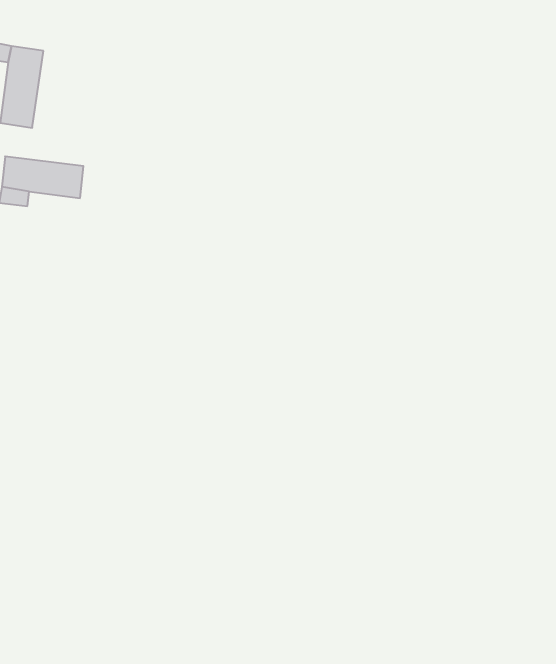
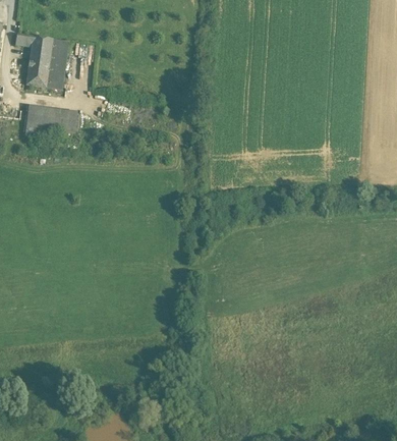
building: none -> [46,38,70,89]

